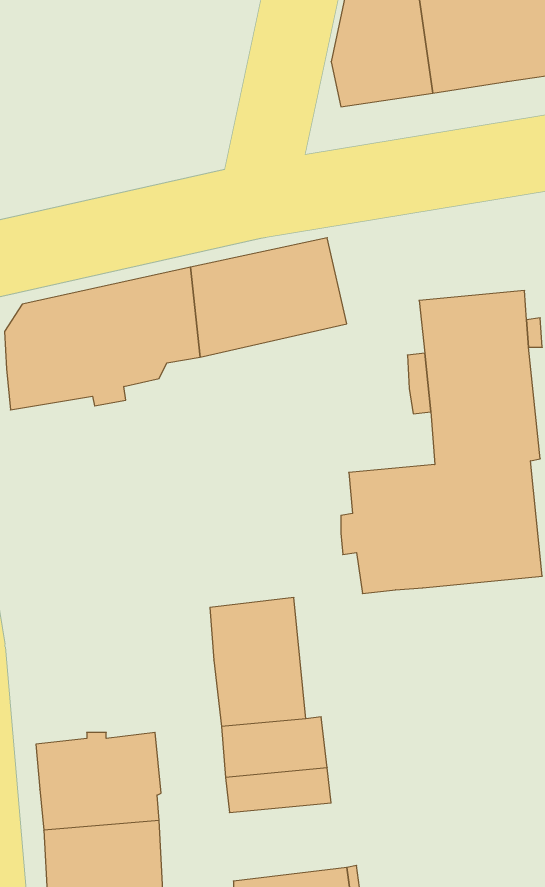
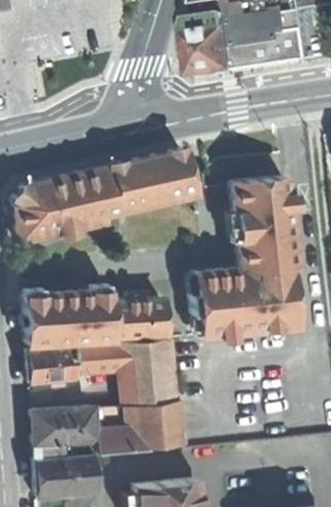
building: none -> [25,290,167,345]
building: none -> [80,343,126,375]
building: none -> [29,349,69,383]
building: none -> [95,406,134,455]

